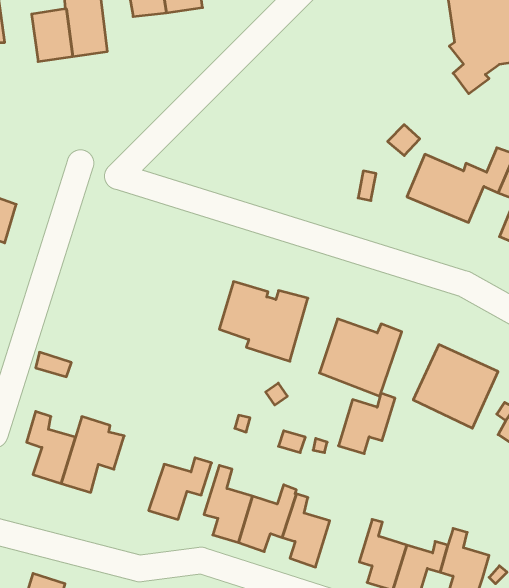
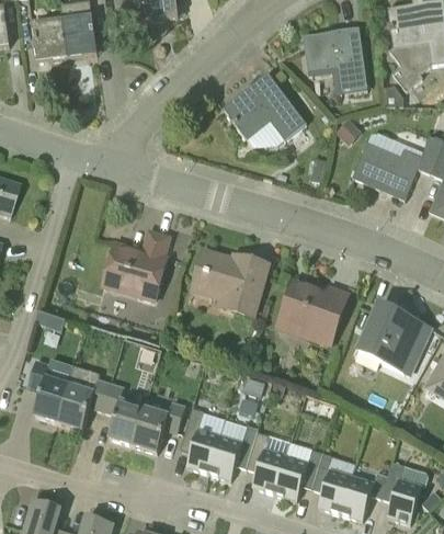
building: none -> [303,27,367,92]
building: none -> [224,73,306,139]
building: none -> [103,230,170,299]
building: [338,393,395,454] -> [274,447,322,499]
building: none -> [102,380,145,444]

